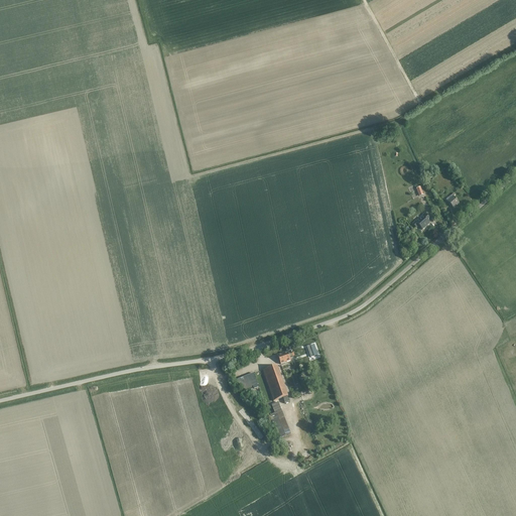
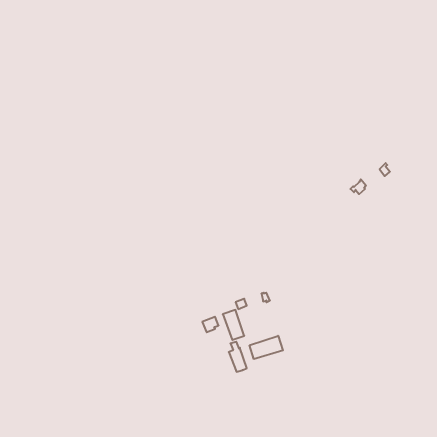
building: none -> [250,336,283,359]

